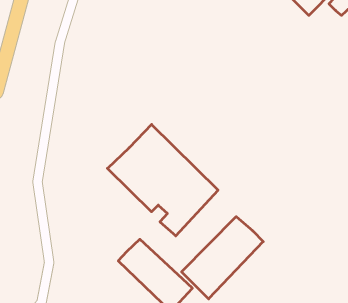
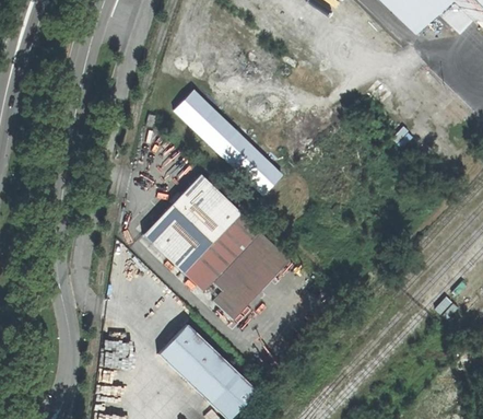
building: none -> [175,89,281,194]
building: [182,217,263,299] -> none

